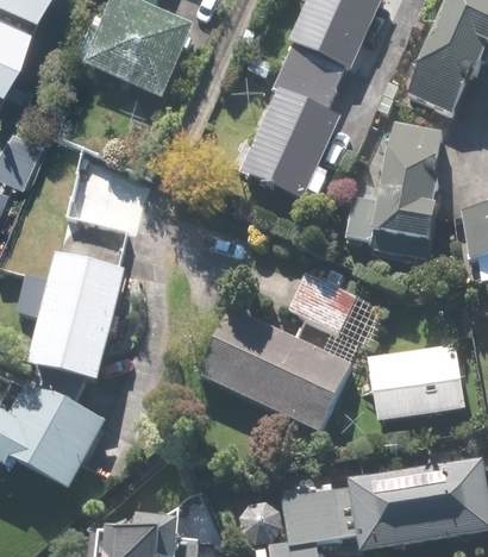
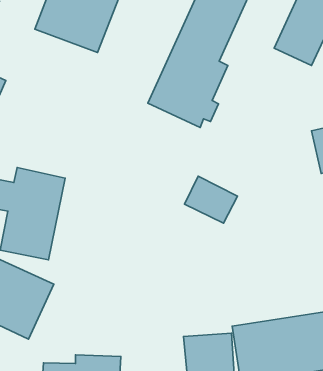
building: [343,123,440,259] -> none
building: [189,301,352,432] -> none
building: [367,343,464,419] -> none

